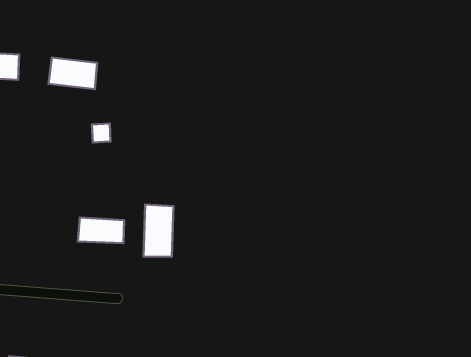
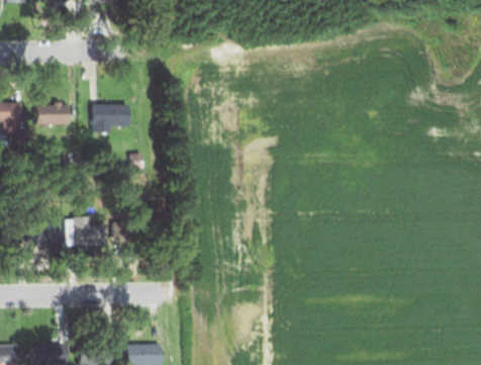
building: none -> [71,217,112,247]
building: [144,205,174,257] -> none

